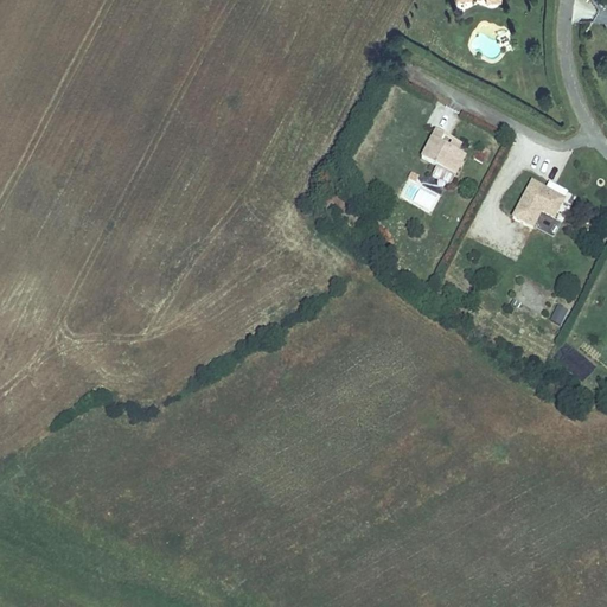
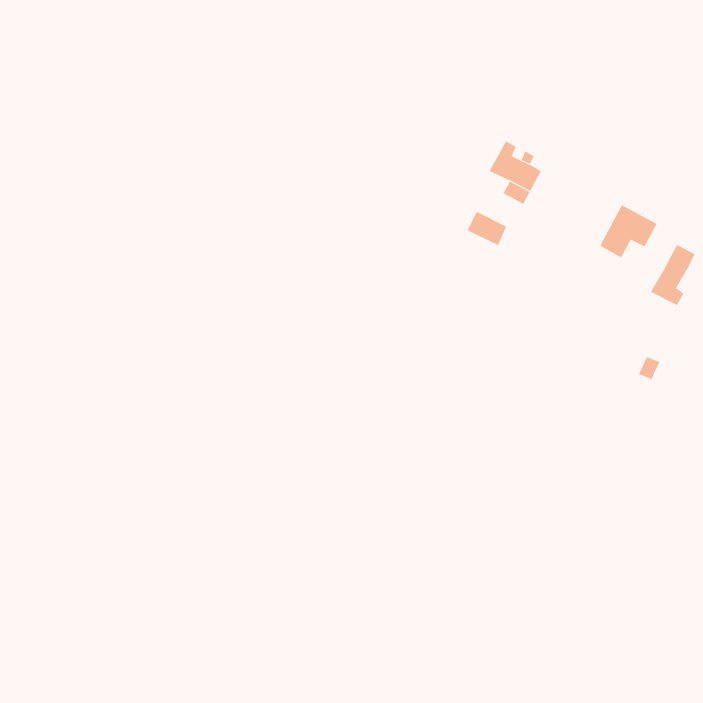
building: none -> [650,244,695,306]

